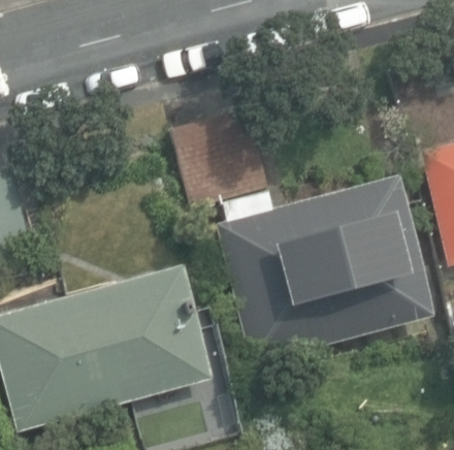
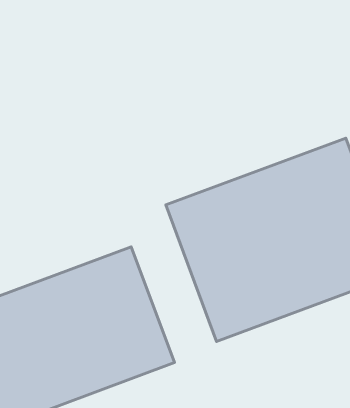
building: [173,106,269,205] -> none

